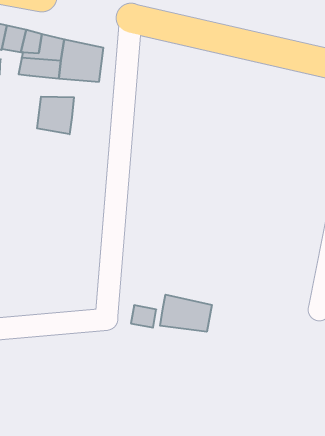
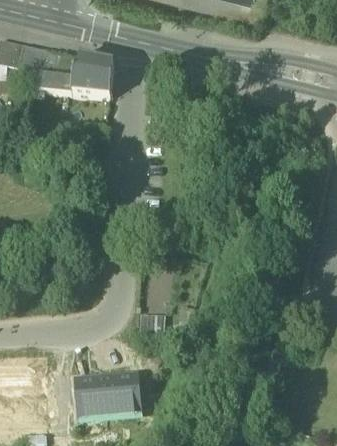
building: [37,97,74,134] -> none
building: [160,295,212,332] -> none
building: none -> [78,375,138,416]

